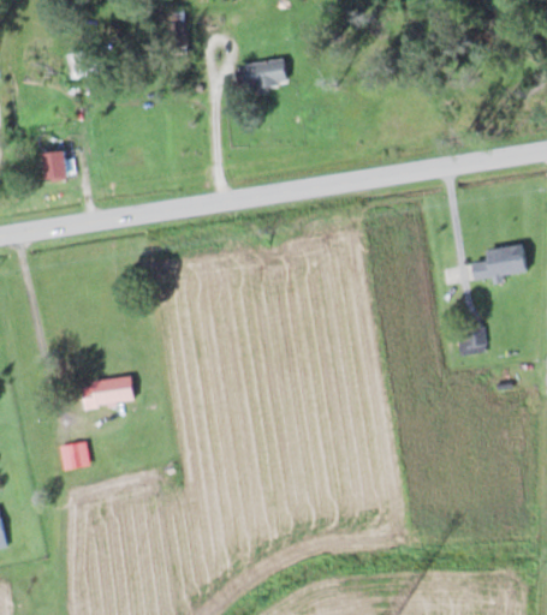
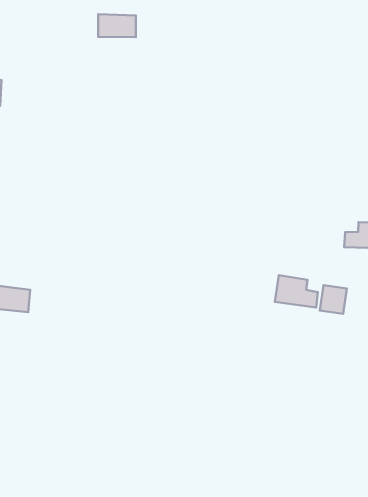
building: [240,60,286,90] -> [98,14,136,37]
building: none -> [275,275,318,308]

